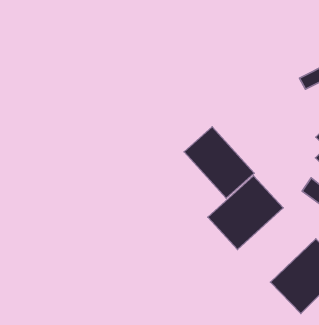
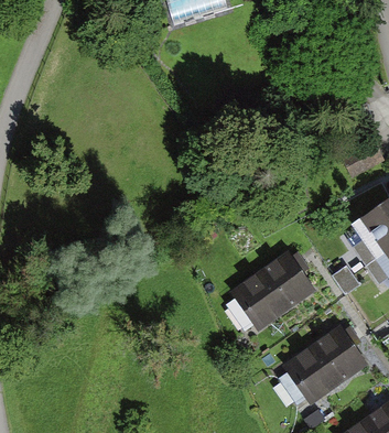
building: [184,127,254,198] -> none

